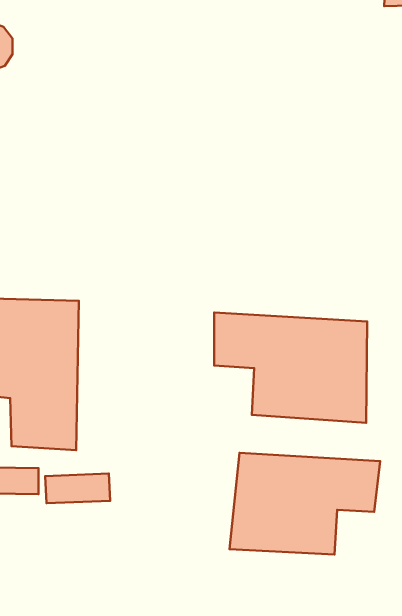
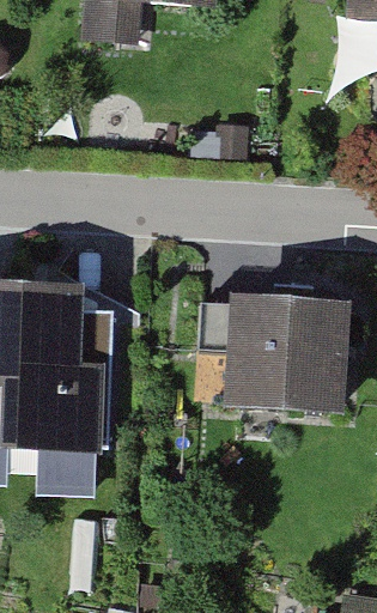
building: [229,453,380,554] -> none

